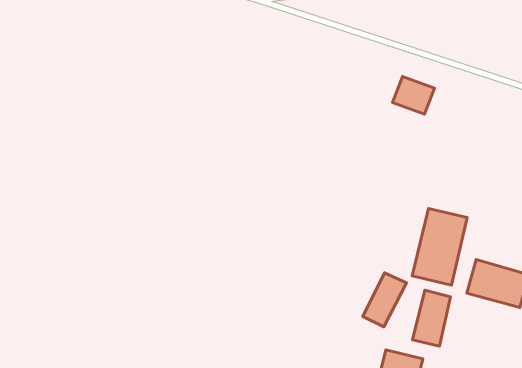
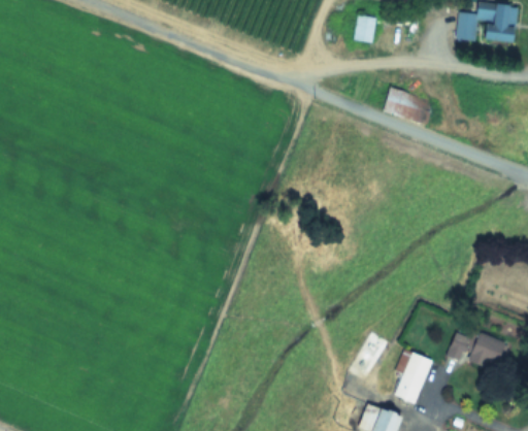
building: [393,76,434,114] -> [383,85,423,122]
building: [412,209,467,285] -> none

